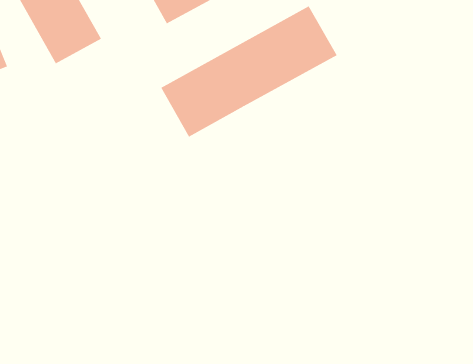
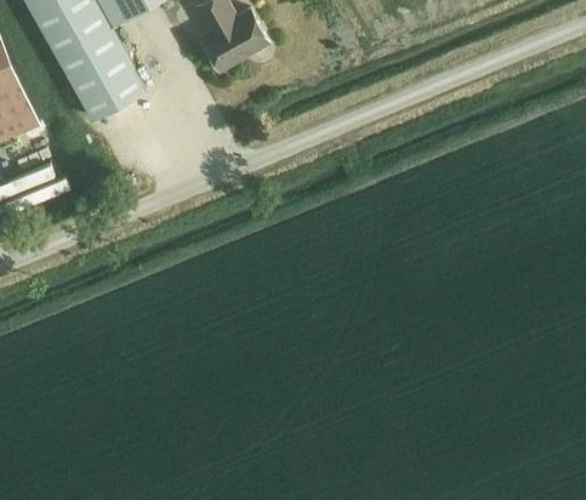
building: [160,5,337,137] -> none

